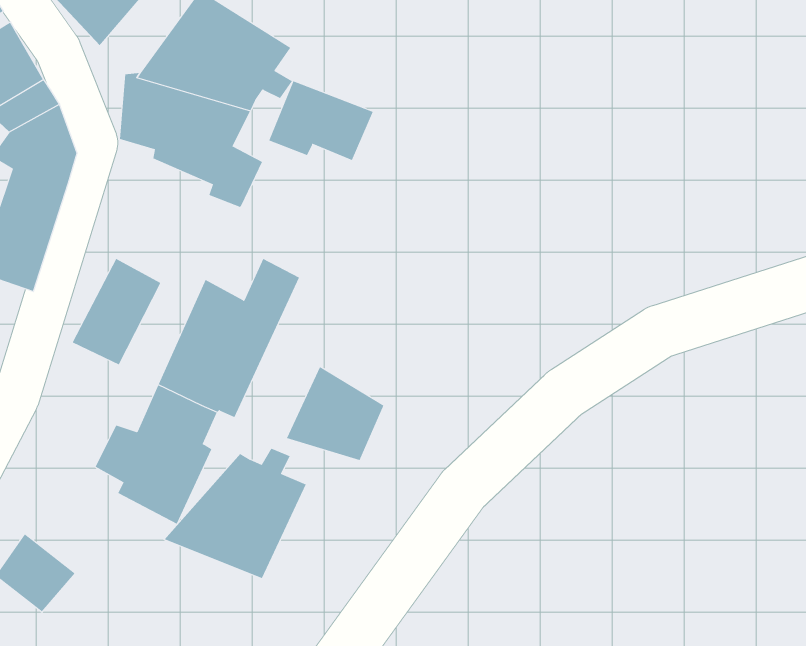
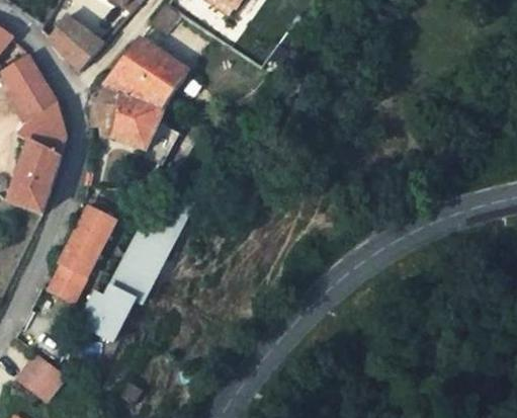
building: [268,80,373,161] -> none
building: none -> [40,242,90,298]
building: [286,366,384,461] -> none
building: [164,448,307,579] -> none

